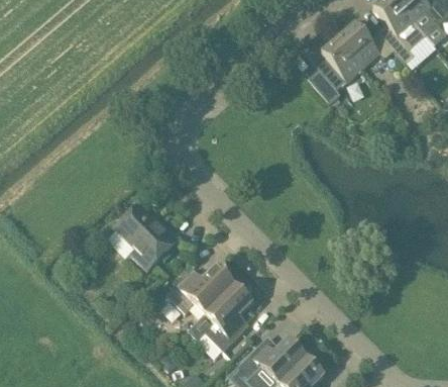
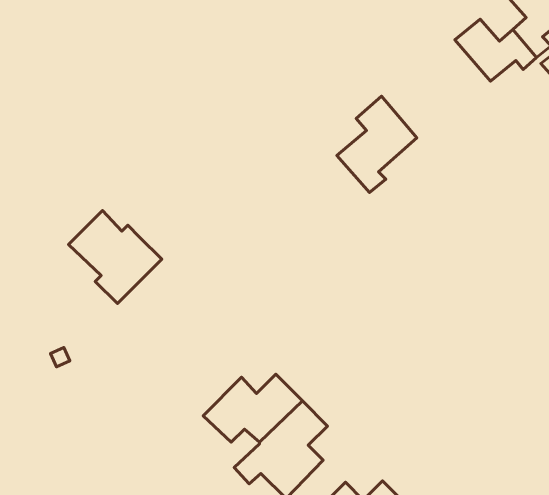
building: [309,37,363,103] -> [337,96,417,193]
building: [115,205,179,269] -> [69,210,162,304]

